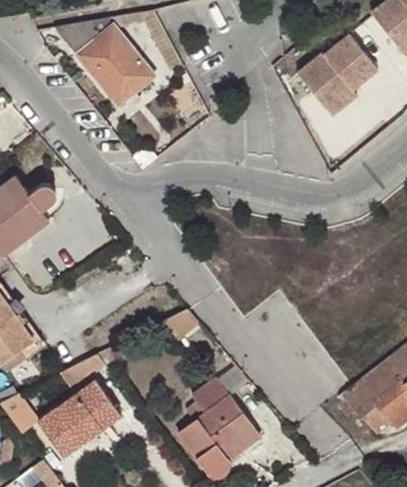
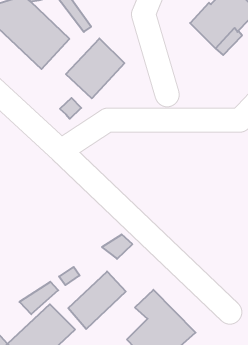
building: none -> [66,38,124,98]
building: none -> [68,271,126,329]

